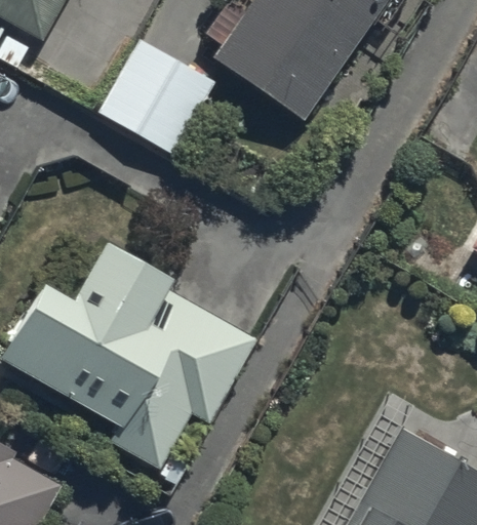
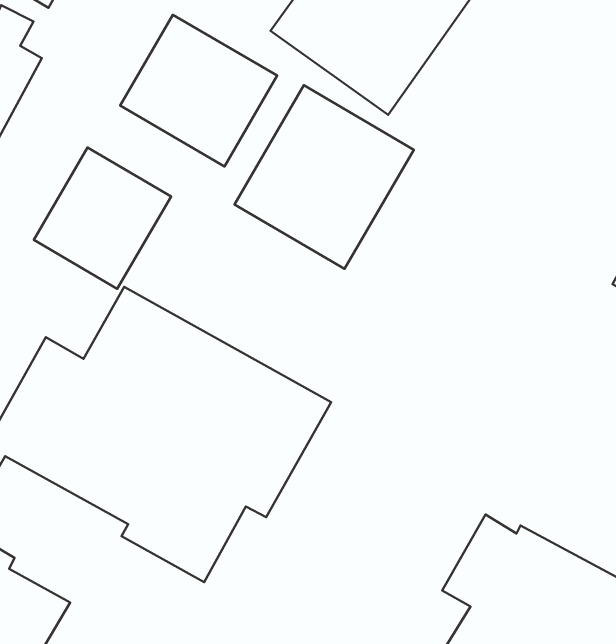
building: none -> [234,85,414,269]
building: none -> [34,148,171,289]

